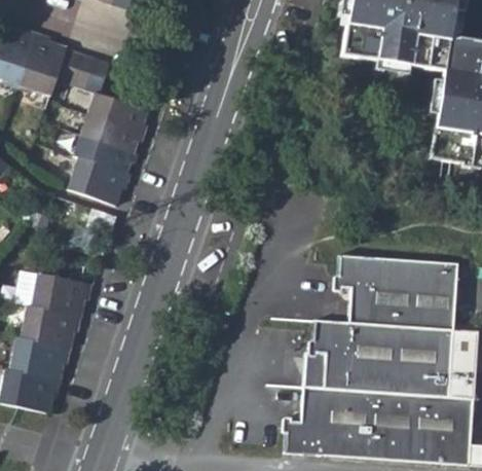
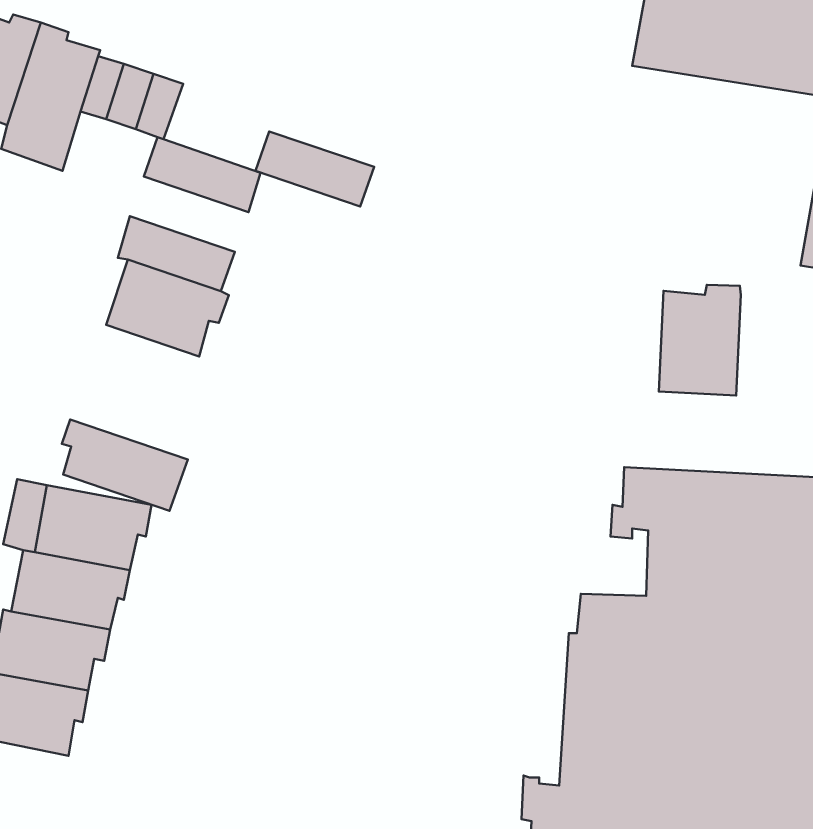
building: [81,109,143,148] -> [255,131,374,207]
building: none -> [659,285,741,396]
building: none -> [62,419,188,511]

